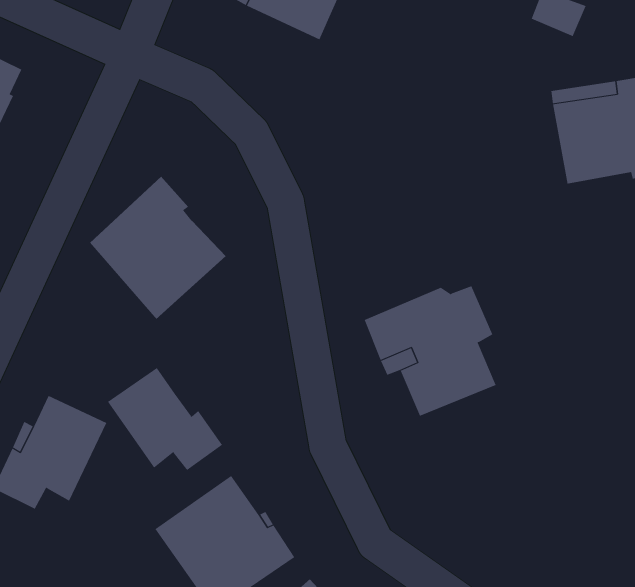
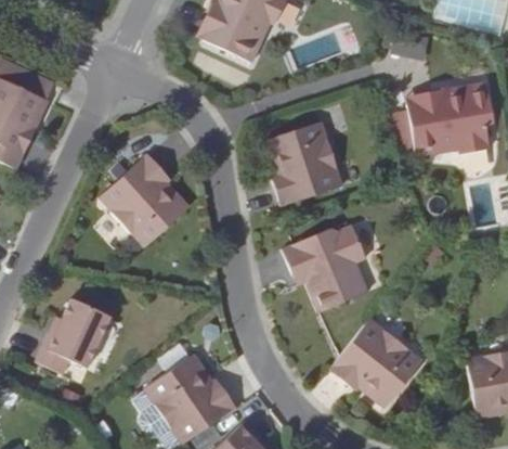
building: none -> [264,121,344,207]
building: [107,367,223,471] -> none
building: none -> [329,317,424,410]

